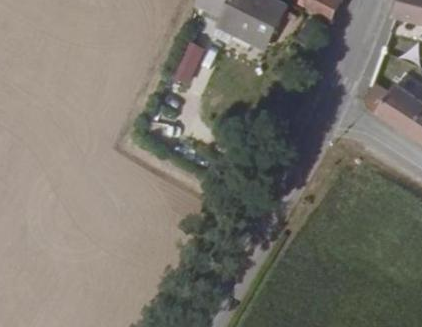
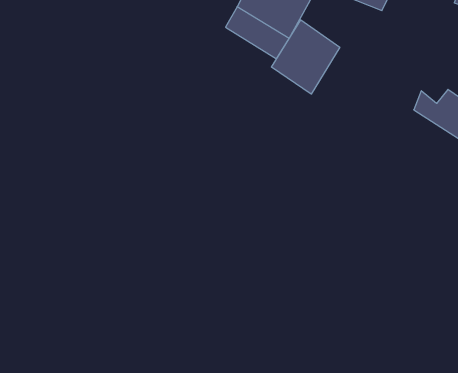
building: none -> [271,20,340,94]
building: [170,38,205,82] -> none

